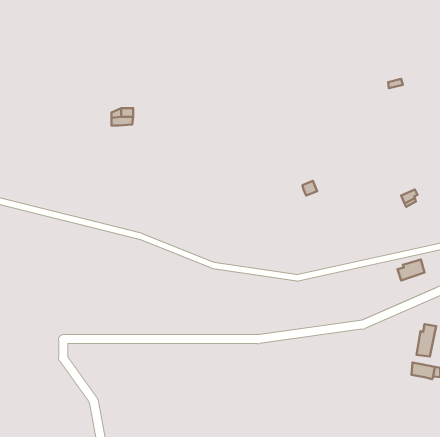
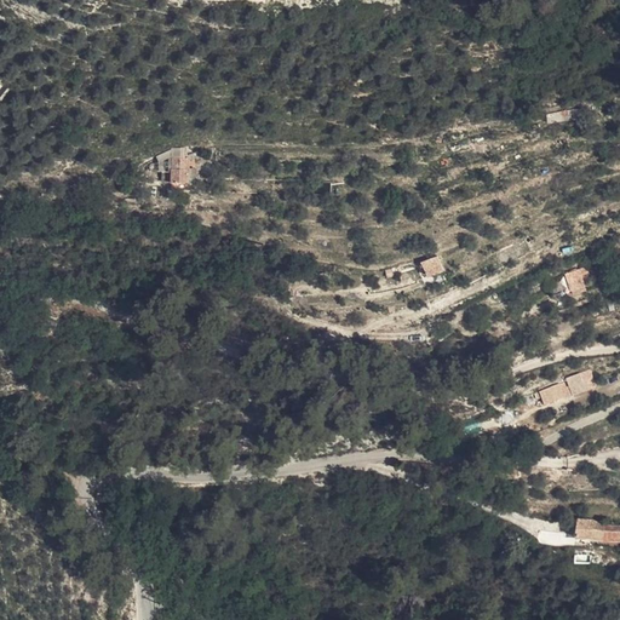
building: [416,324,436,357] -> none

